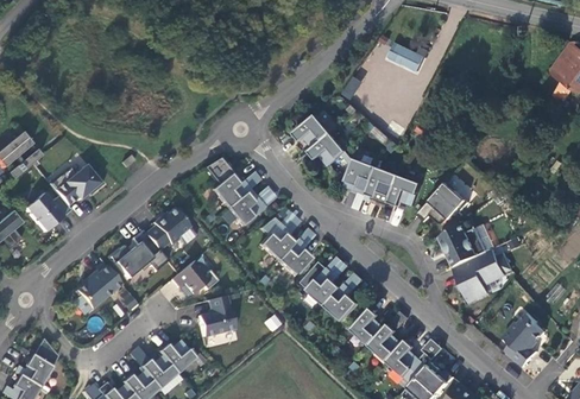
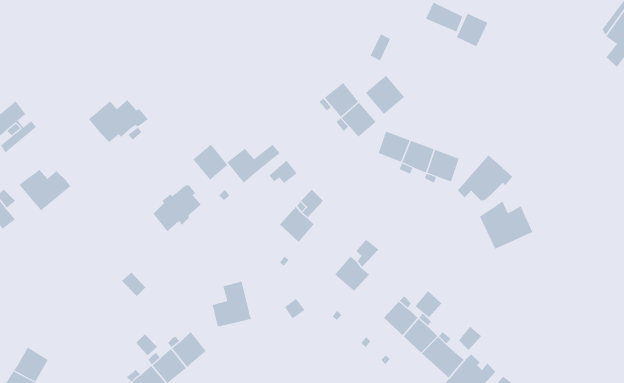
building: none -> [456,13,488,47]
building: none -> [365,75,405,115]
building: [48,166,102,205] -> [88,99,149,143]
building: [226,194,258,227] -> [193,144,228,181]
building: [276,229,313,277] -> none
building: [109,232,166,279] -> none
building: [453,249,512,303] -> none
building: [170,261,216,294] -> none
building: [74,266,120,309] -> none
building: [326,273,361,321] -> none
building: [503,312,546,367] -> none

